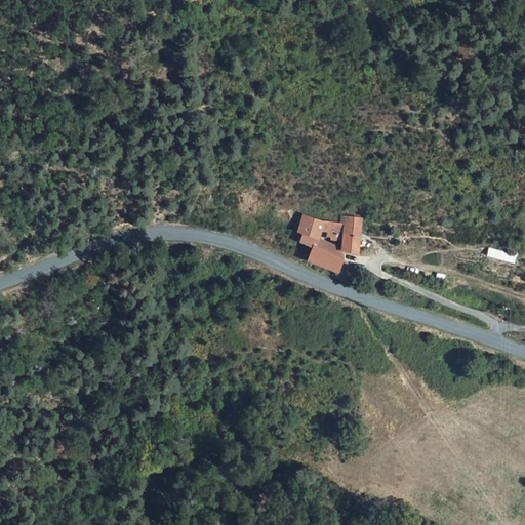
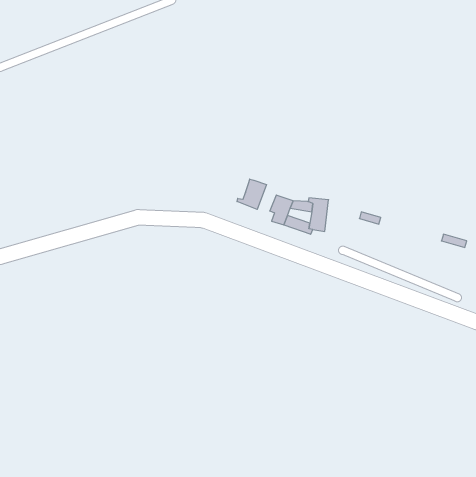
building: none -> [237,179,267,209]
building: [308,247,342,272] -> none

